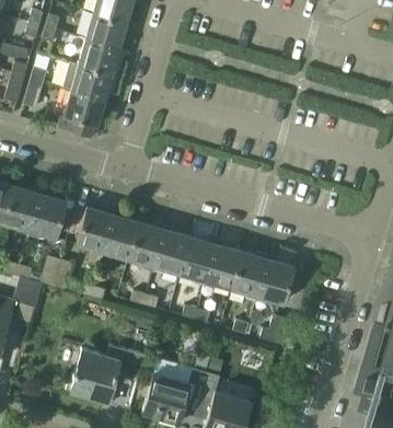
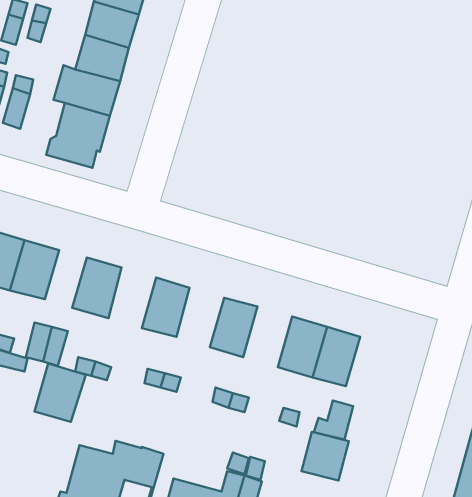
building: [103,215,139,261] -> none
building: [154,230,190,275] -> none
building: [205,244,242,290] -> none
building: none -> [34,364,86,422]
building: none -> [301,432,349,481]

